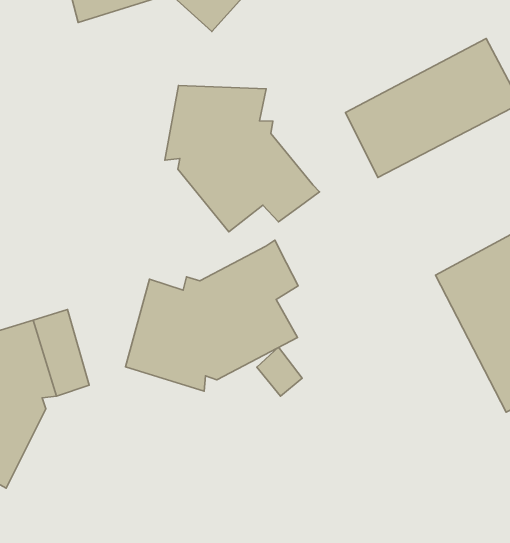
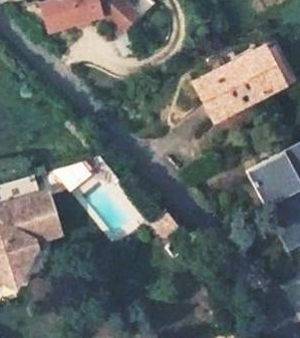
building: [165,86,320,232] -> none
building: [126,240,298,391] -> none

